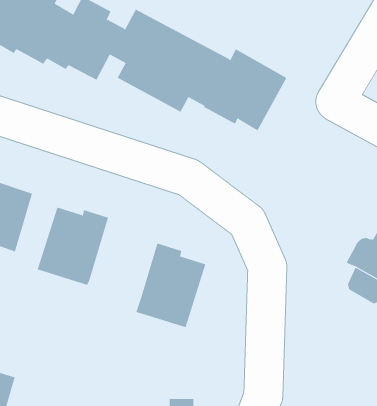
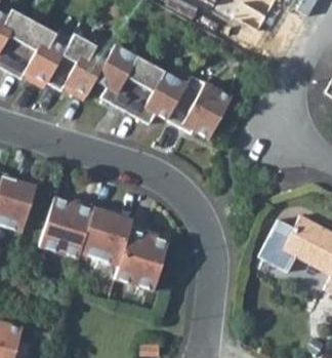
building: none -> [78,205,130,266]

